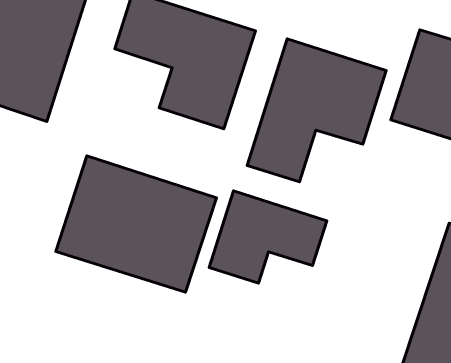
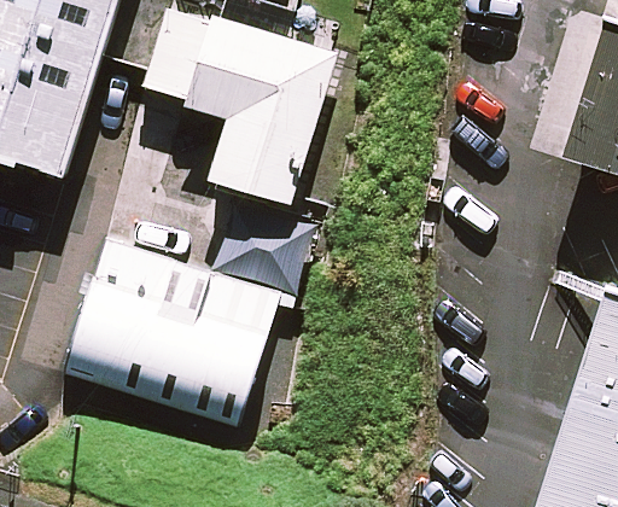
building: [247,39,386,182] -> none
building: [209,191,327,283] -> none

